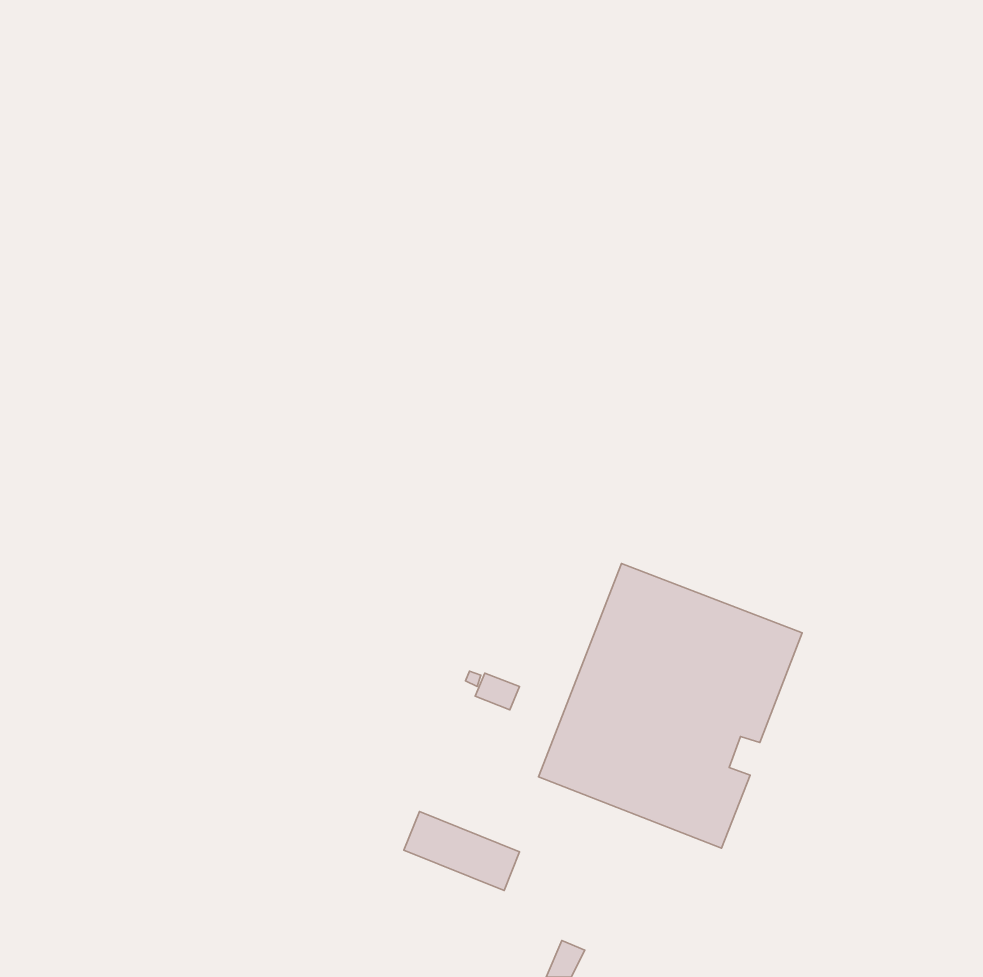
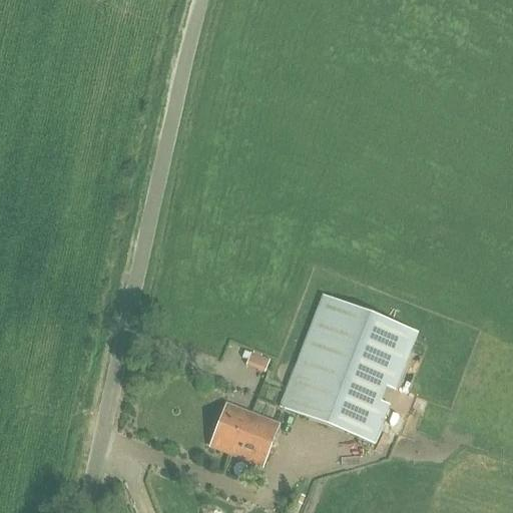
building: none -> [218,402,280,444]

